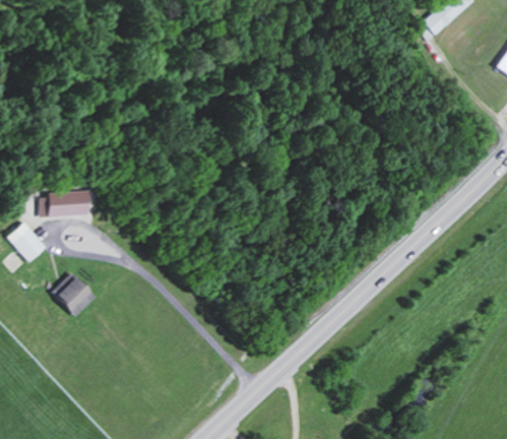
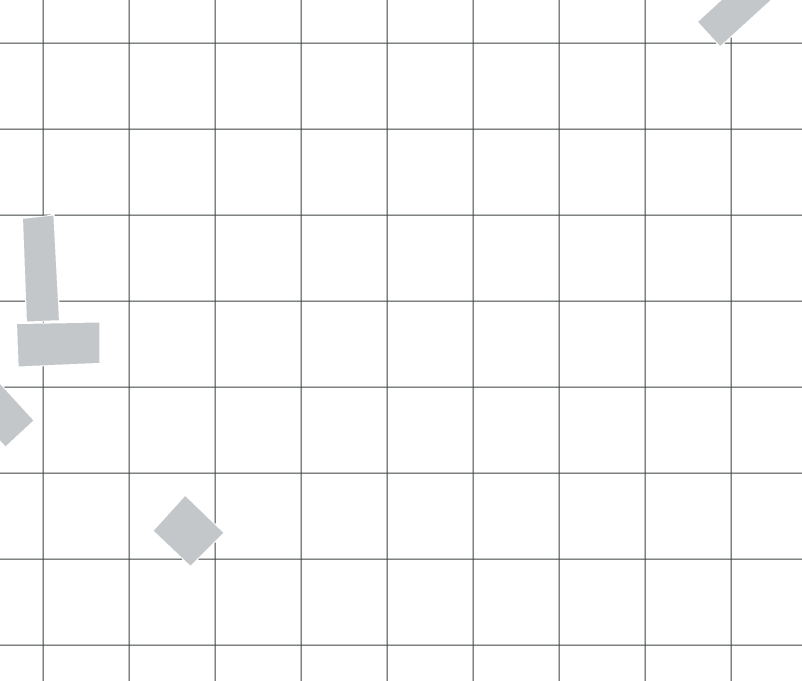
building: none -> [22,215,59,322]
building: [55,275,96,316] -> [153,495,224,567]

